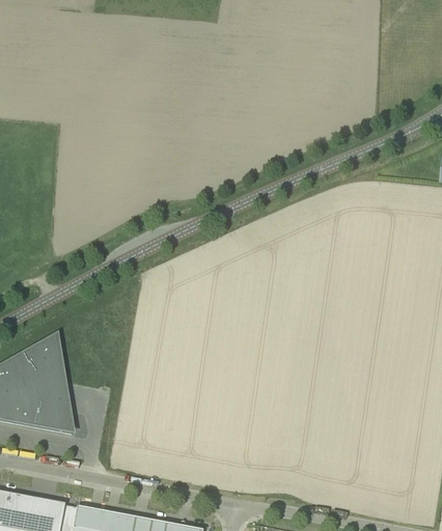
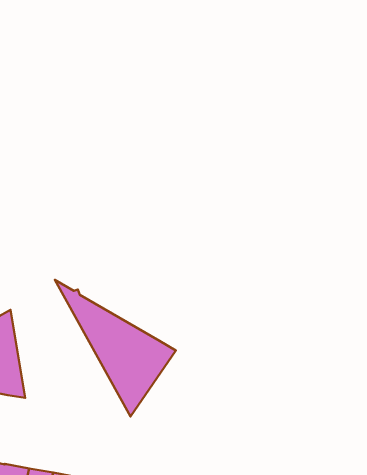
building: none -> [55,280,176,417]

